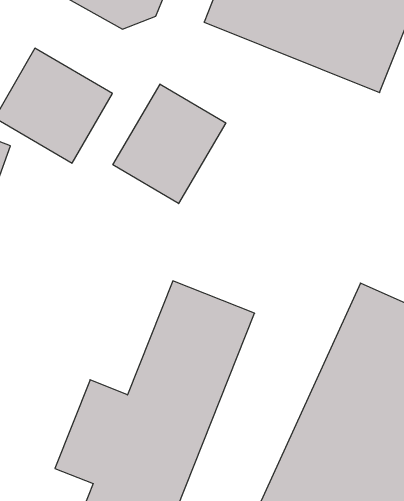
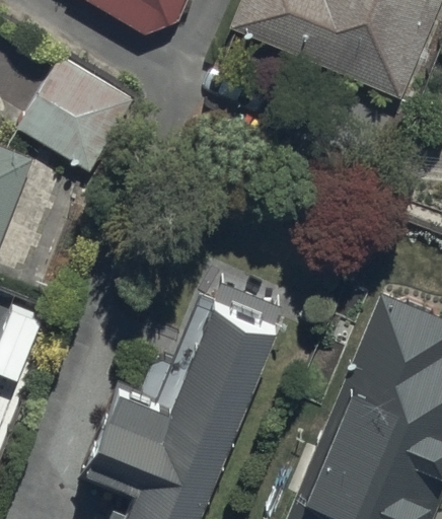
building: [113,84,226,204] -> none

